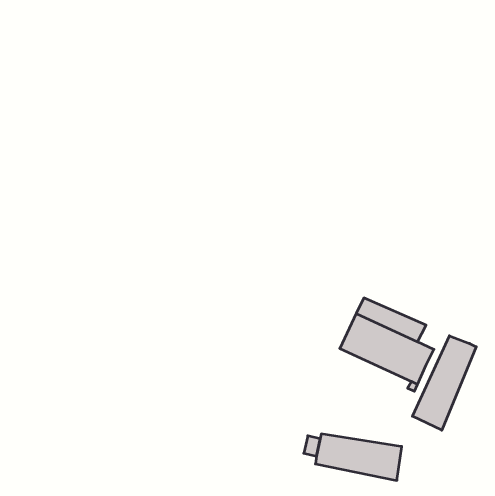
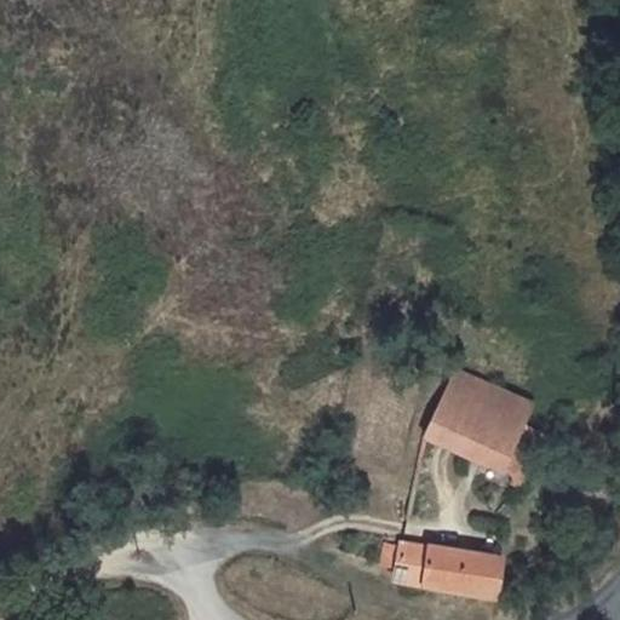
building: [412,336,476,430] -> none

